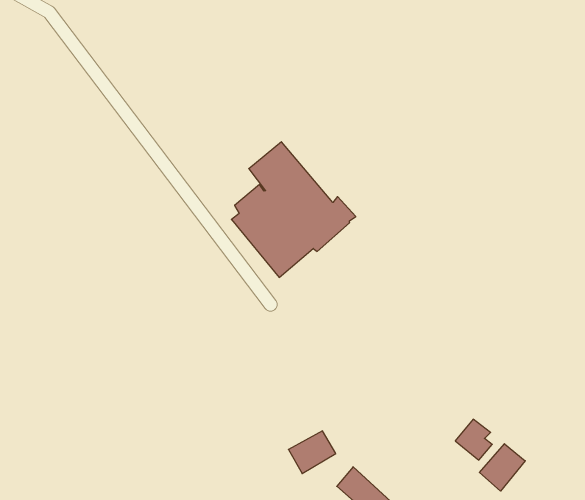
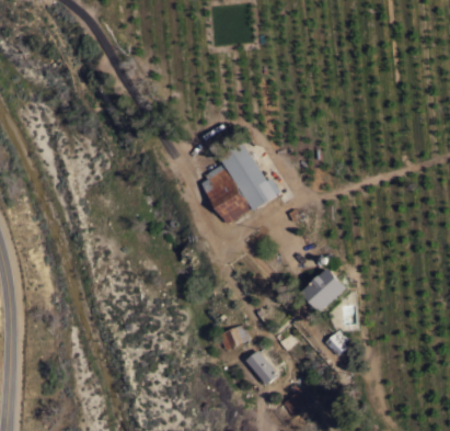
building: none -> [302,269,347,313]
building: [479,444,525,491] -> none

